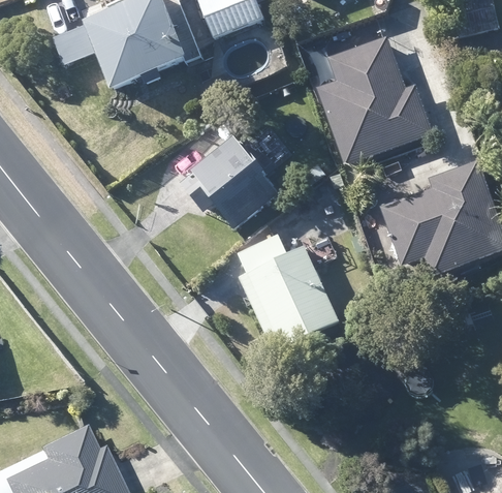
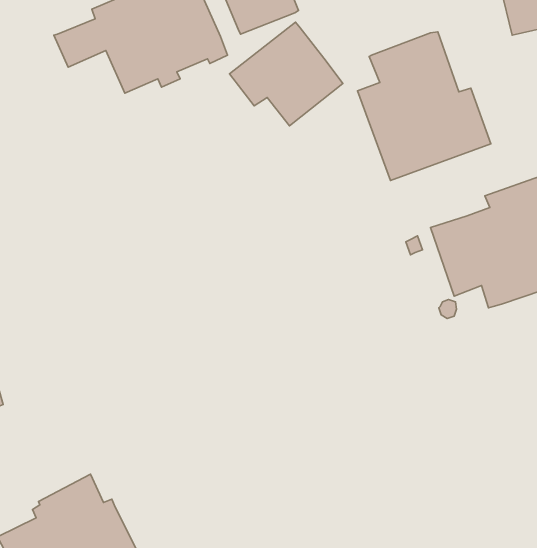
building: [181,137,280,228] -> [229,22,343,126]
building: [237,233,340,352] -> none

